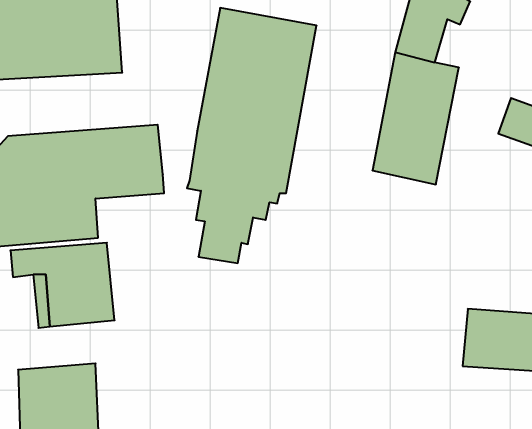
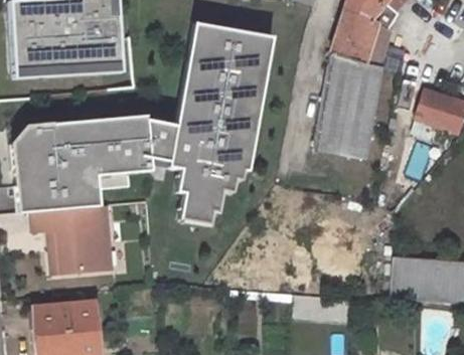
building: none -> [148,112,179,156]

